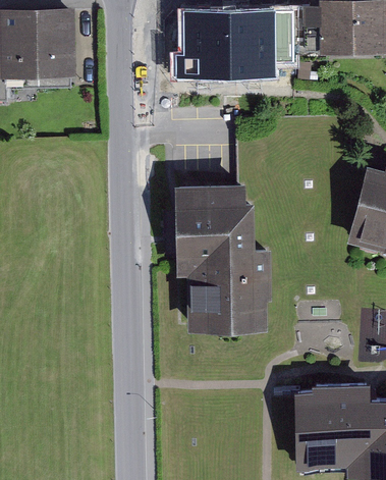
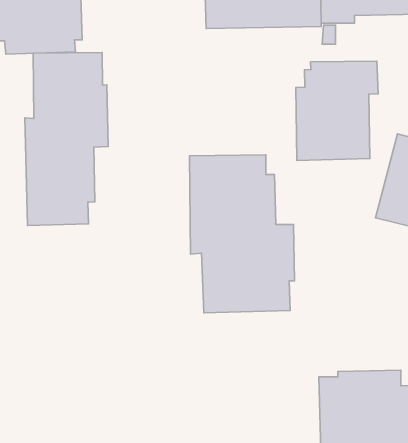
building: none -> [25,52,108,226]
building: none -> [296,61,378,160]

